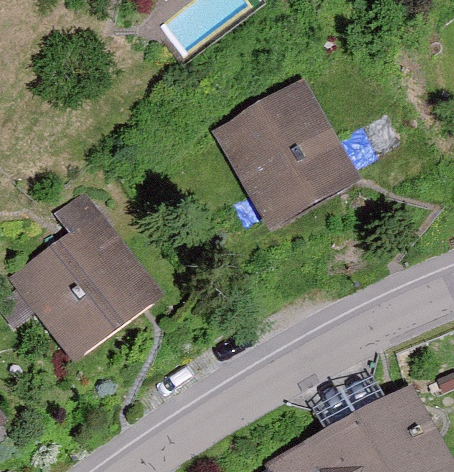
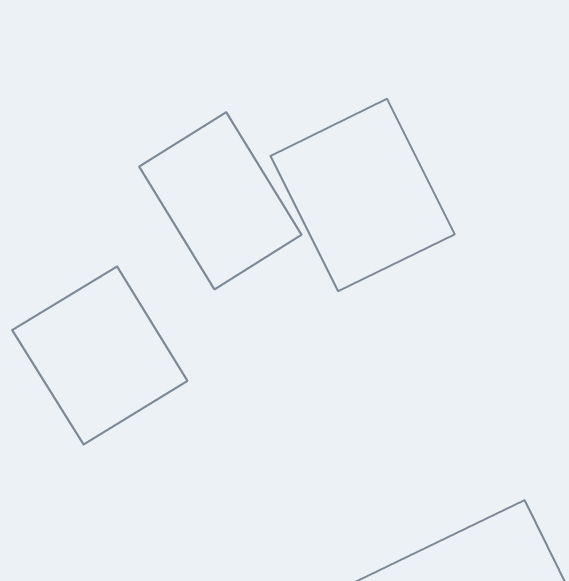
building: none -> [139,112,301,289]

